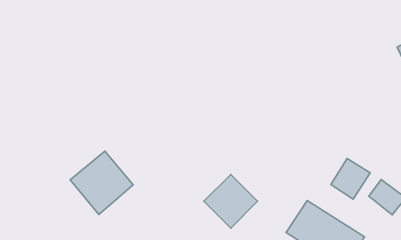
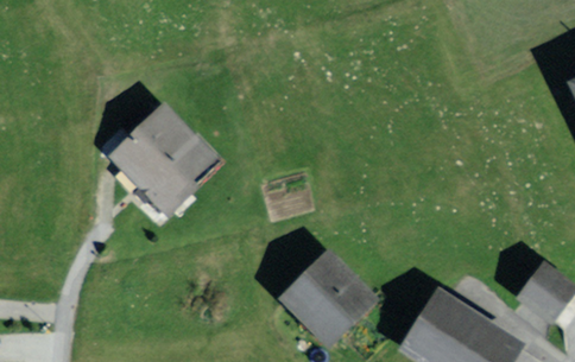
building: [70,151,133,214] -> [120,110,209,199]
building: [331,158,370,199] -> none

